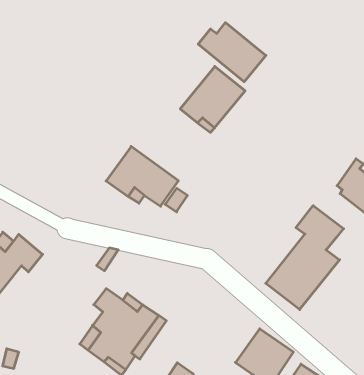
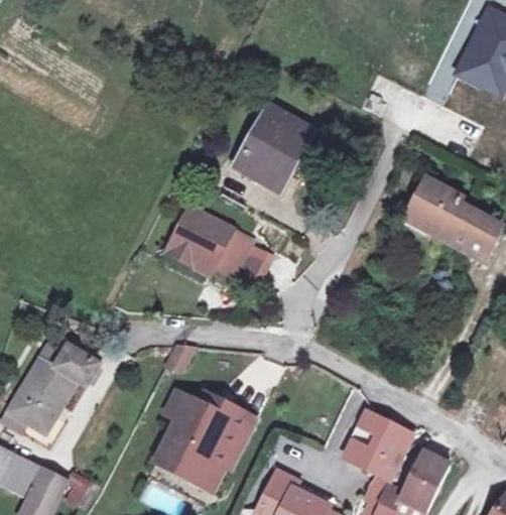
building: [198,23,266,82] -> none
building: none -> [410,178,455,229]
building: [266,206,344,310] -> none

